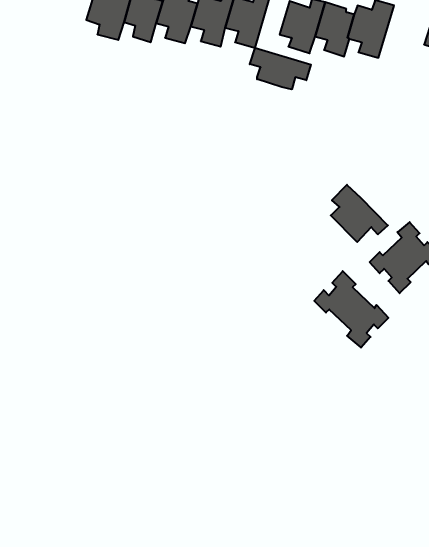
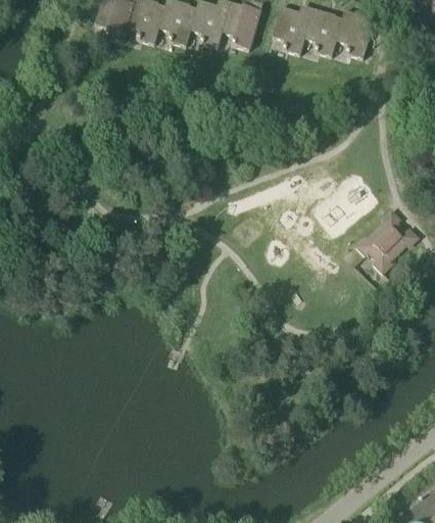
building: [250,48,311,89] -> none
building: [331,185,388,242] -> none
building: [314,271,388,348] -> none

